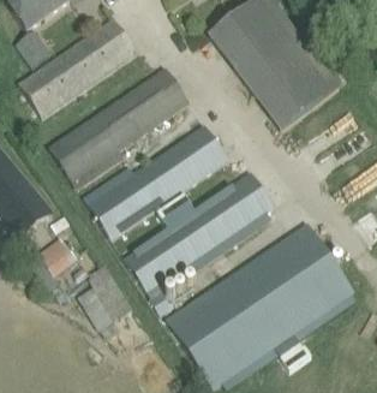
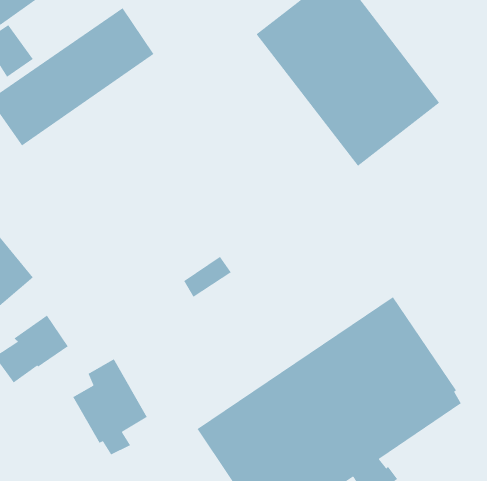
building: [49,67,187,186] -> none
building: [84,125,227,237] -> none
building: [125,172,274,315] -> none

